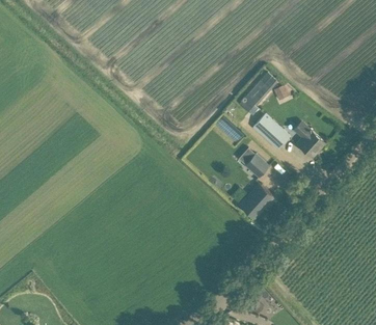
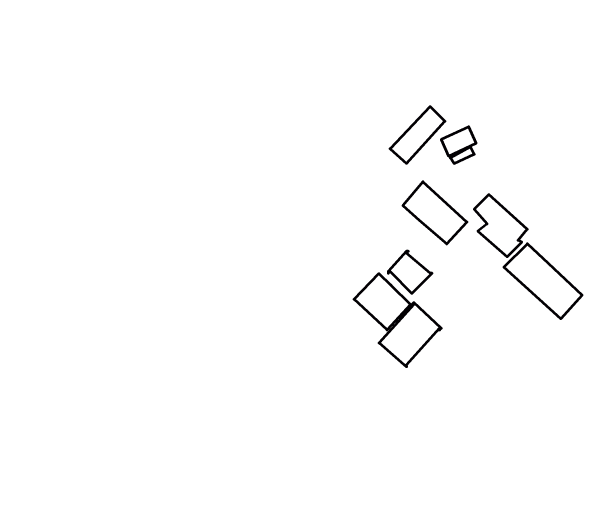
building: none -> [504,244,582,319]
building: none -> [354,274,410,330]

